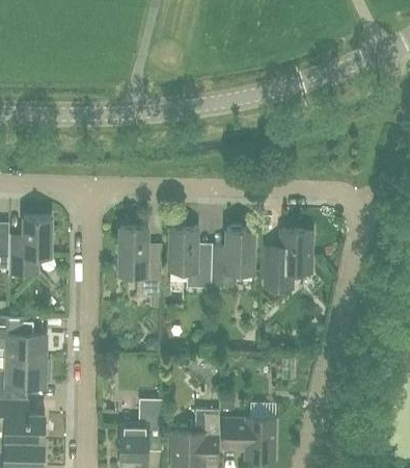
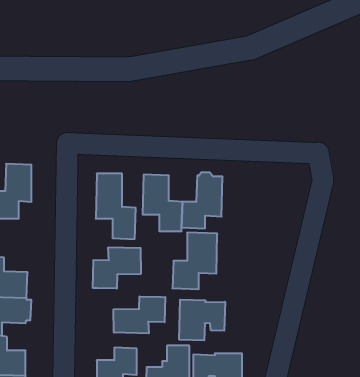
building: [264,230,311,290] -> [172,233,217,289]
building: none -> [93,247,141,289]
building: none -> [114,296,165,333]
building: none -> [179,300,225,340]

